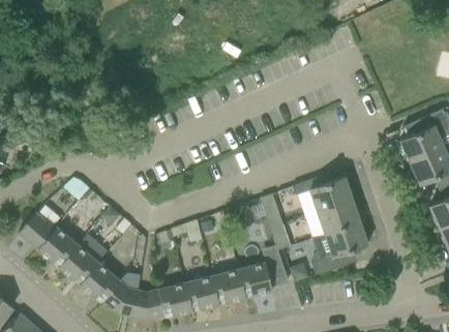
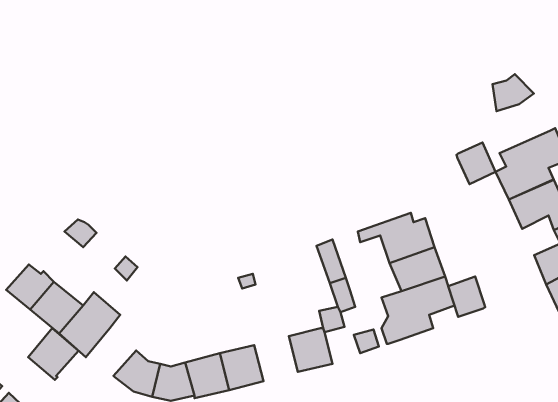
building: none -> [492,74,534,111]
building: none -> [456,142,496,184]
building: none -> [448,277,485,317]
building: [80,263,119,303] -> [28,328,79,380]
building: [211,269,245,304] -> none

